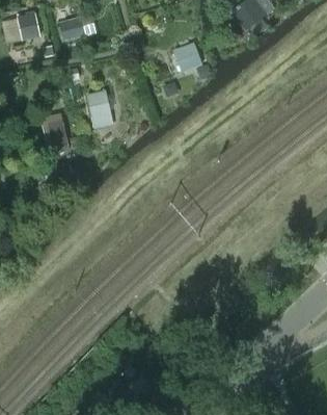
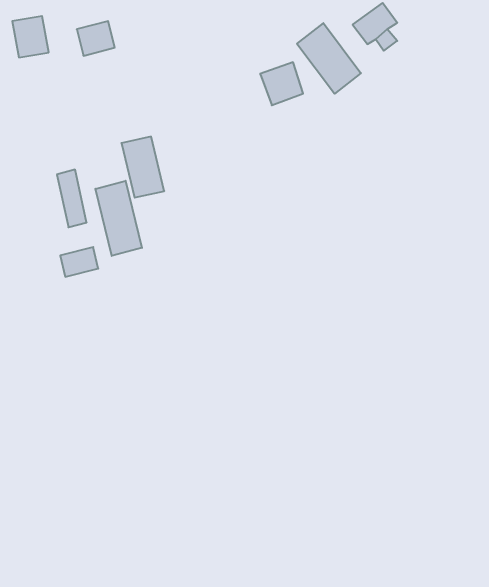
building: none -> [297,23,361,94]
building: none -> [95,181,142,256]

